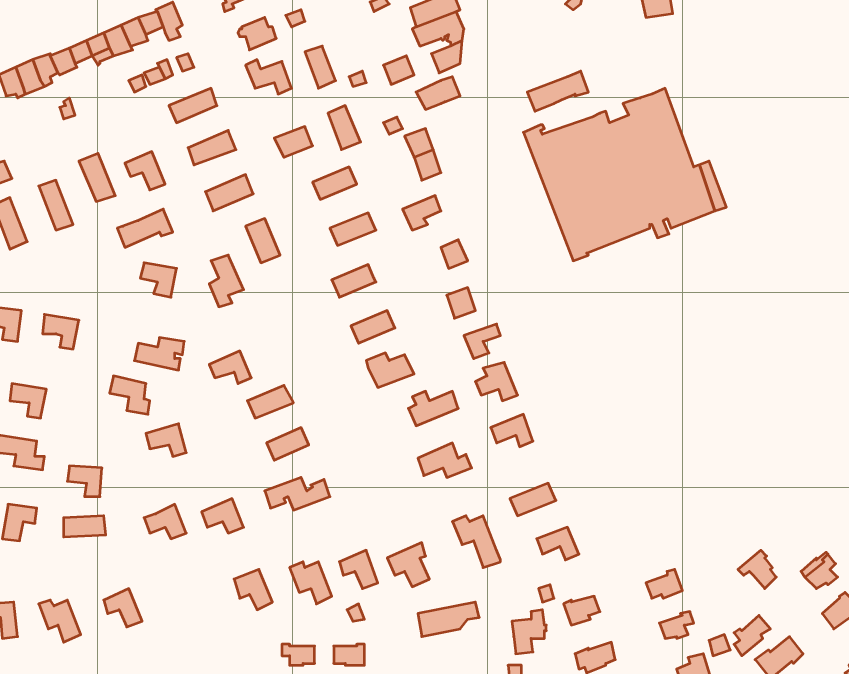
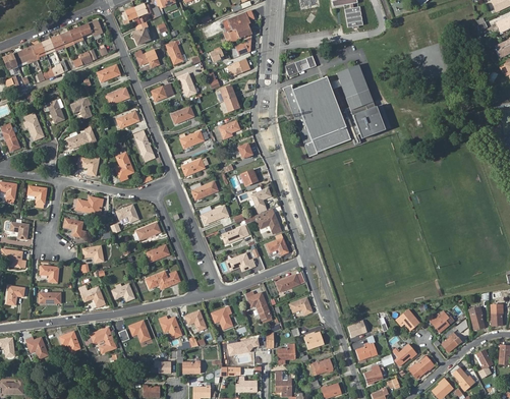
building: none -> [91,326,116,353]

